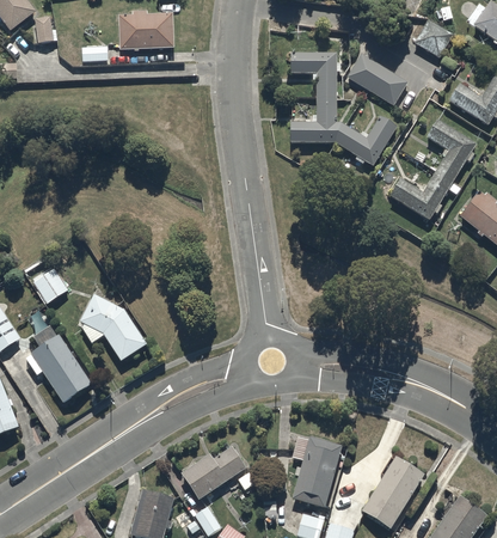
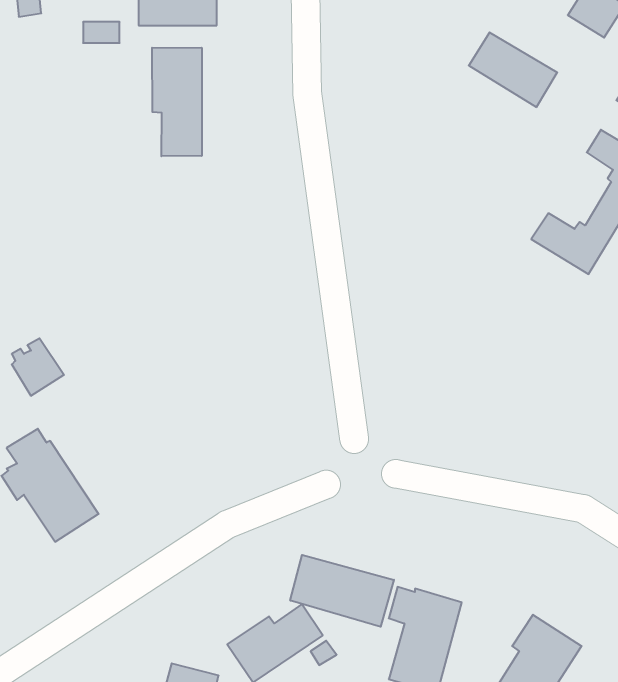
building: [290,51,397,165] -> none
building: none -> [152,48,202,156]
building: [79,293,147,361] -> none
building: none -> [290,555,394,627]

